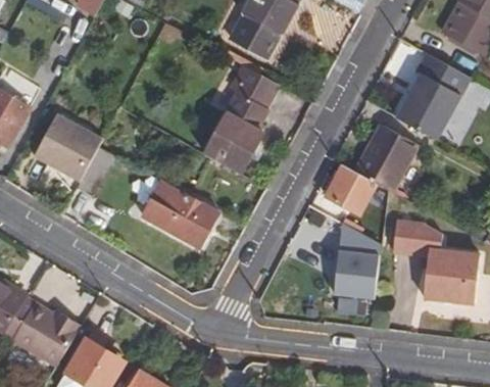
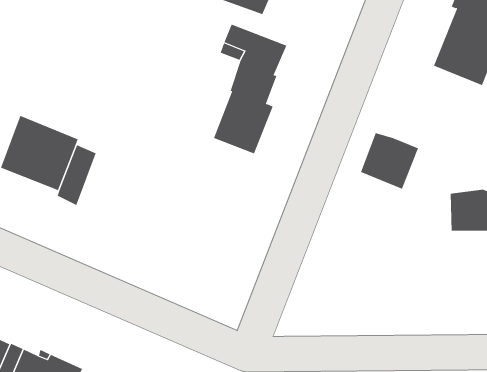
building: [356,127,418,192] -> none
building: [142,181,218,248] -> none
building: [333,223,380,300] -> none

